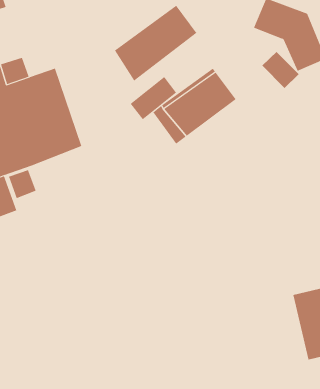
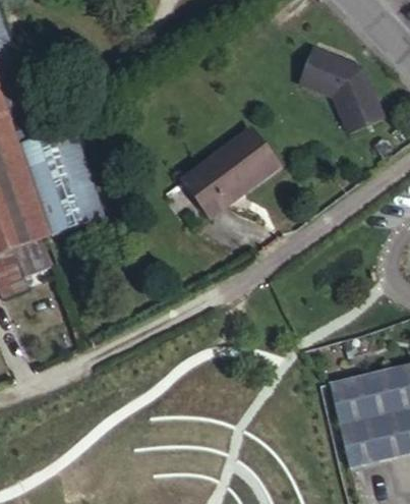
building: [114,5,197,82] -> none
building: [261,51,300,89] -> none
building: [130,76,177,120] -> none

